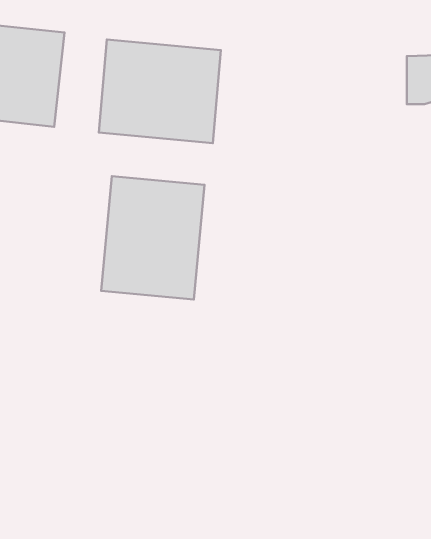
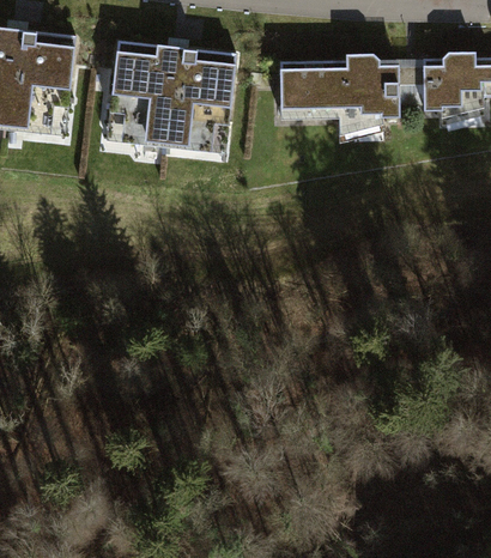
building: none -> [280,54,401,123]
building: [101,176,205,300] -> none

